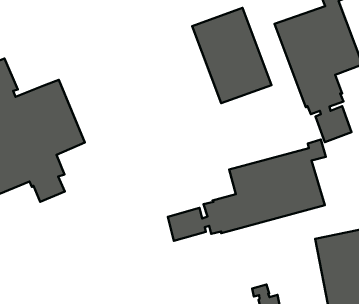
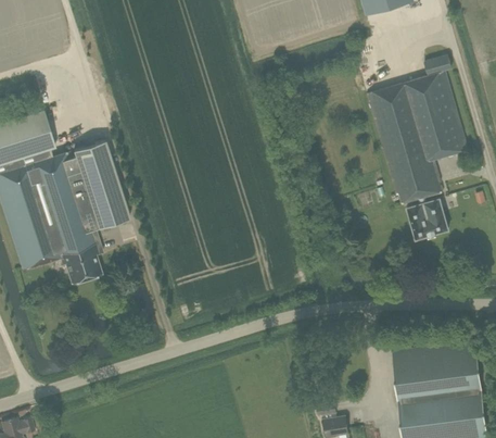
building: [192,8,271,103] -> none
building: [168,140,326,241] -> none

